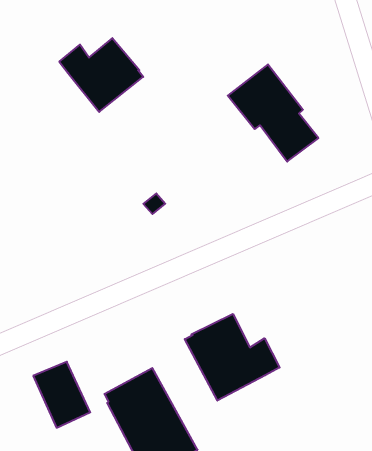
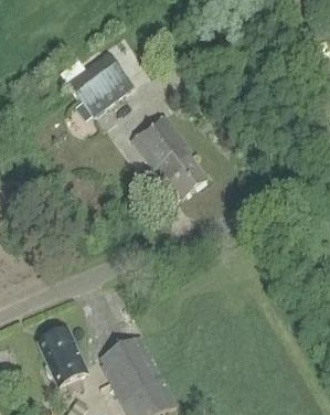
building: [228,64,318,162] -> [129,114,206,196]
building: [185,314,280,401] -> none

